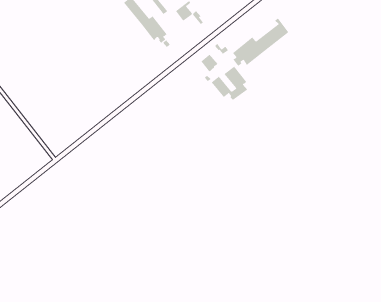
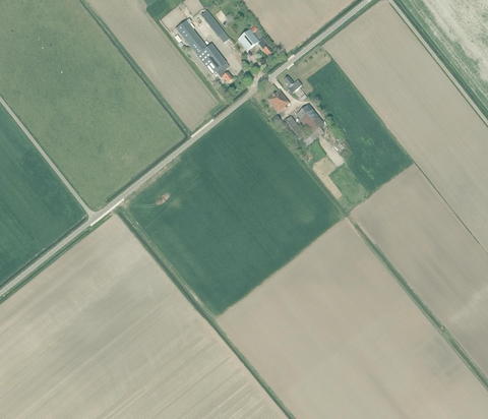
building: [232,18,289,66] -> none

